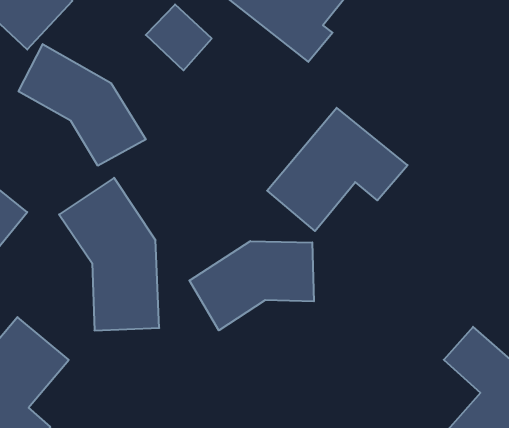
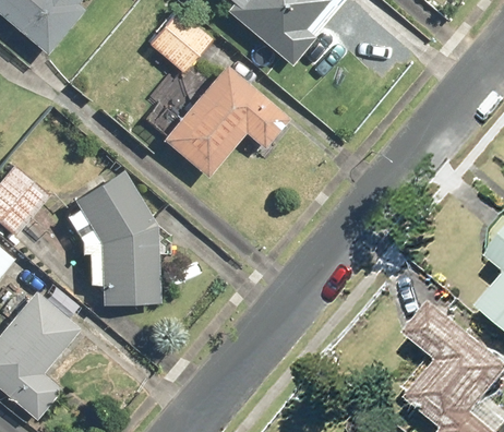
building: [19,44,146,166] -> none
building: [267,108,408,231] -> [164,65,289,176]
building: [189,241,314,330] -> none

